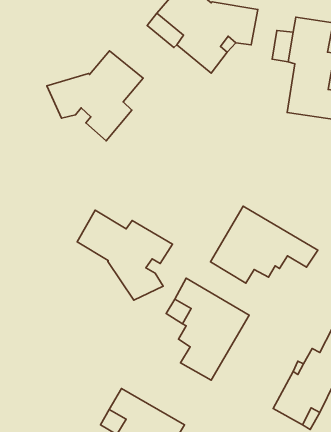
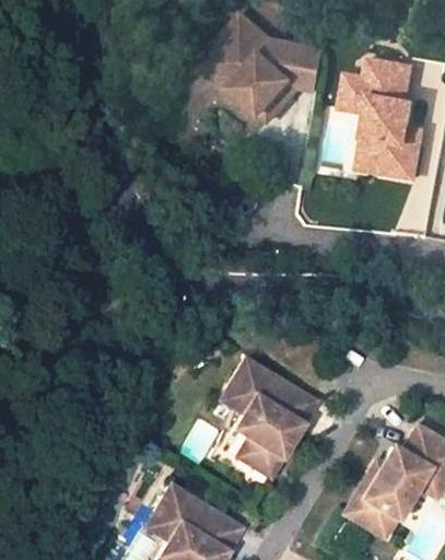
building: [47,51,143,141] -> none
building: [210,206,318,283] -> none
building: [77,210,173,300] -> none

